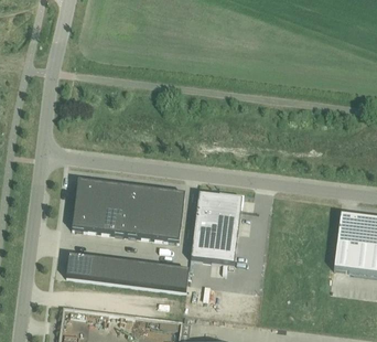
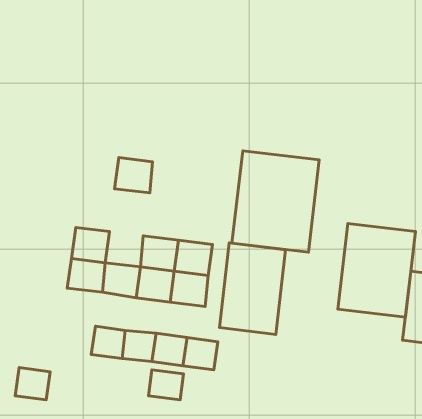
building: none -> [232,151,319,252]
building: none -> [338,224,415,317]
building: [101,182,131,210] -> [114,158,153,193]
building: [66,253,94,278] -> [15,367,50,400]
building: none -> [148,370,184,400]

